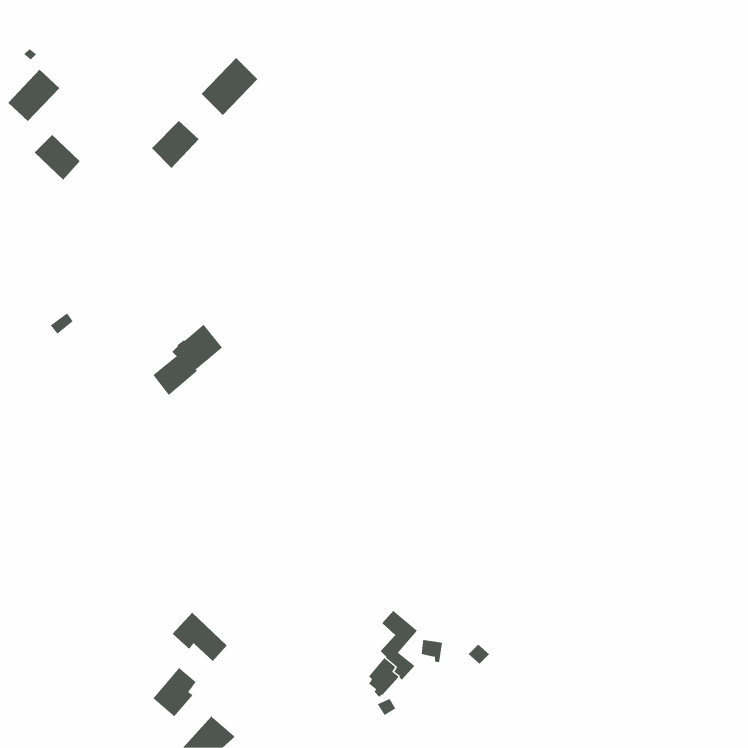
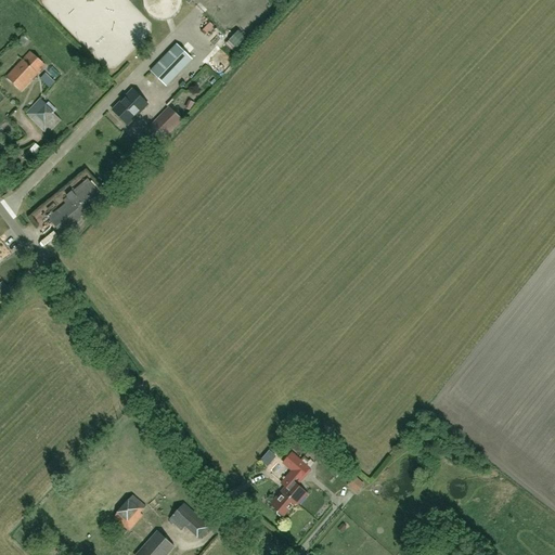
building: none -> [149,107,181,140]
building: [152,324,223,396] -> [48,179,100,232]
building: [172,612,228,662] -> [168,501,209,538]

